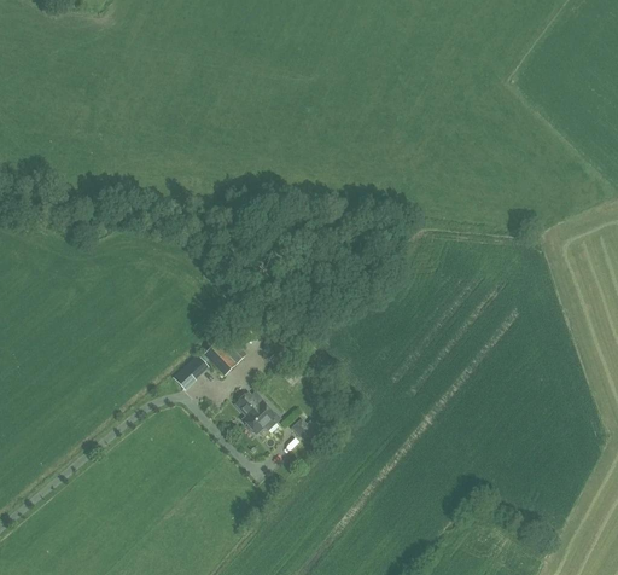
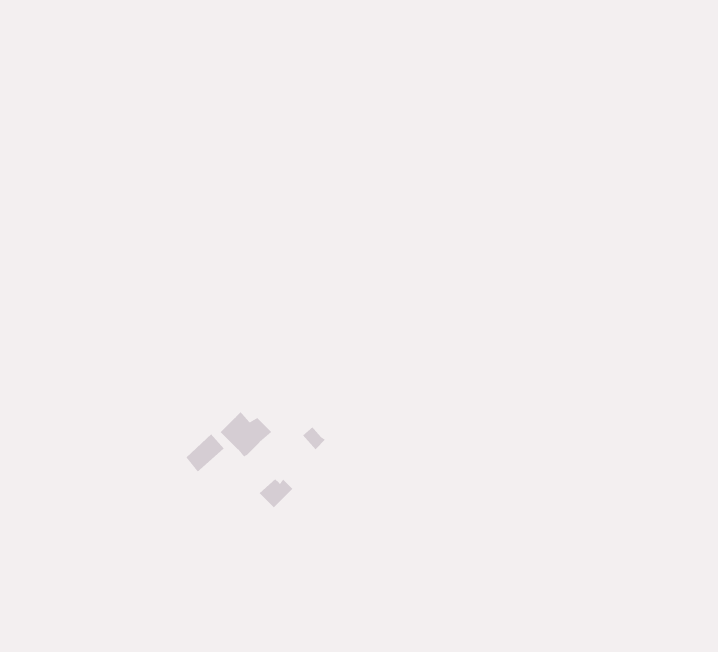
building: [241,400,279,432] -> none

